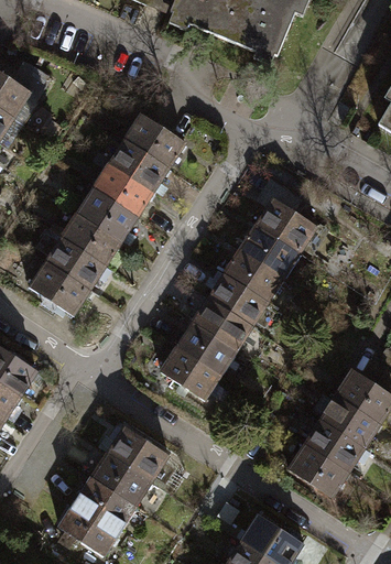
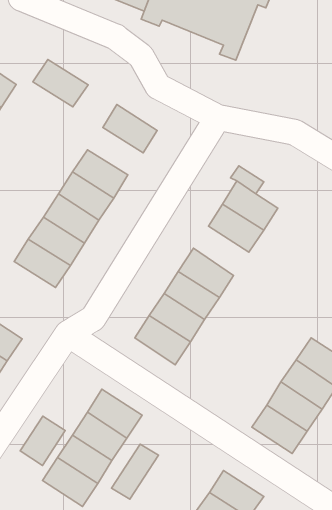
building: [108,140,169,192] -> [33,60,88,107]
building: [224,248,284,302] -> none
building: none -> [20,416,65,465]
building: none -> [111,444,159,499]

